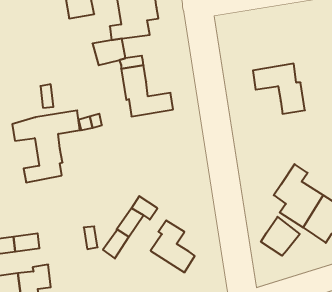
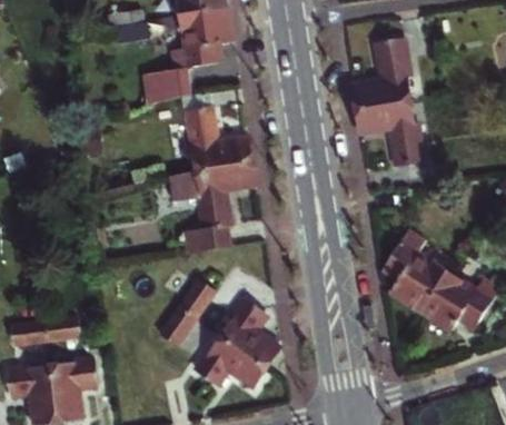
building: none -> [350,38,408,108]
building: [12,110,80,182] -> [169,158,256,250]
building: [261,217,300,256] -> none
building: none -> [197,339,267,387]

